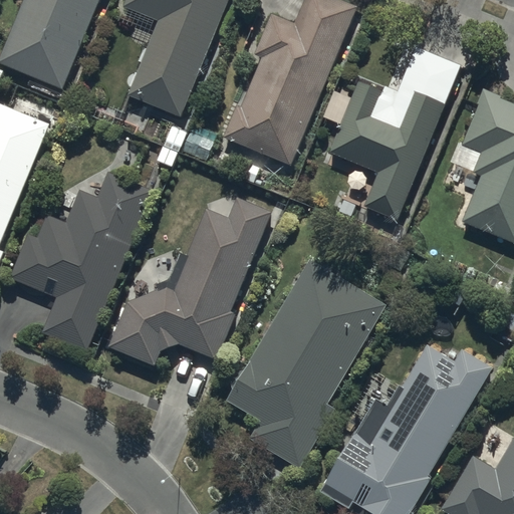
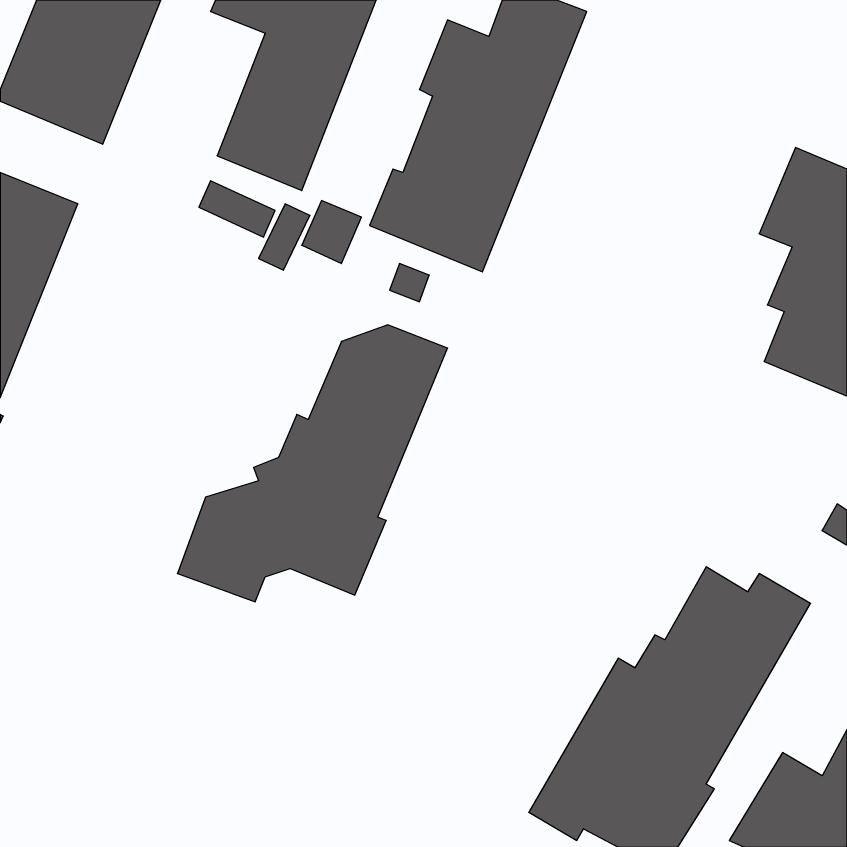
building: [323,43,461,217] -> none
building: [8,171,150,349] -> none
building: [226,258,386,468] -> none

